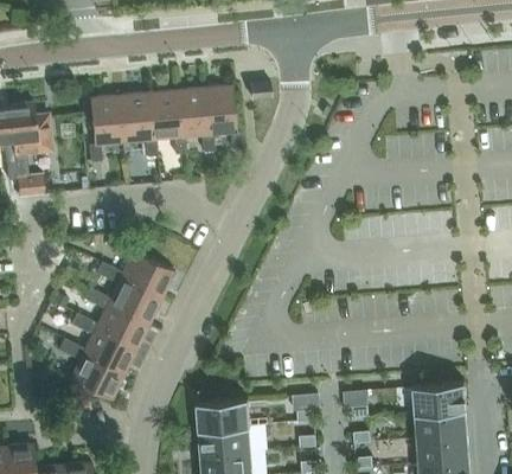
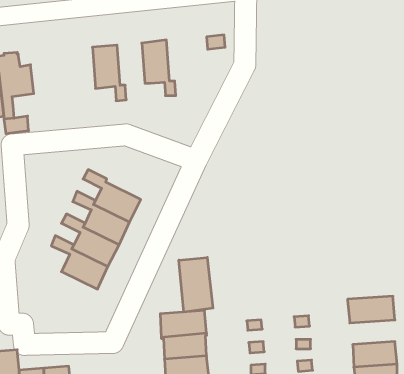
building: [203,85,242,149] -> none
building: [146,91,185,155] -> none
building: [88,96,121,162] -> none
building: none -> [179,257,213,312]
building: [57,339,123,401] -> none
building: [414,410,466,438] -> none

